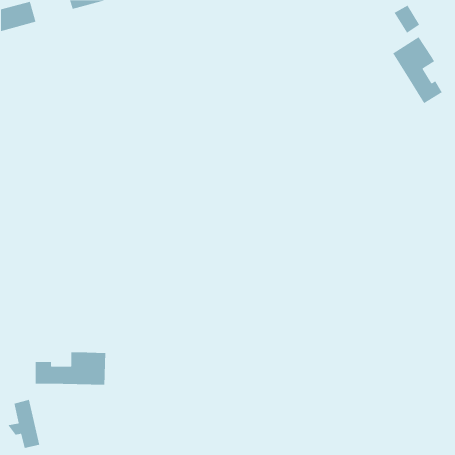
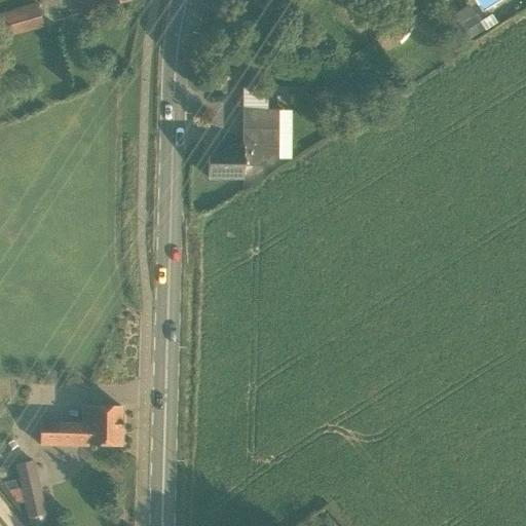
building: [392,36,443,104] -> none
building: none -> [209,109,278,177]

